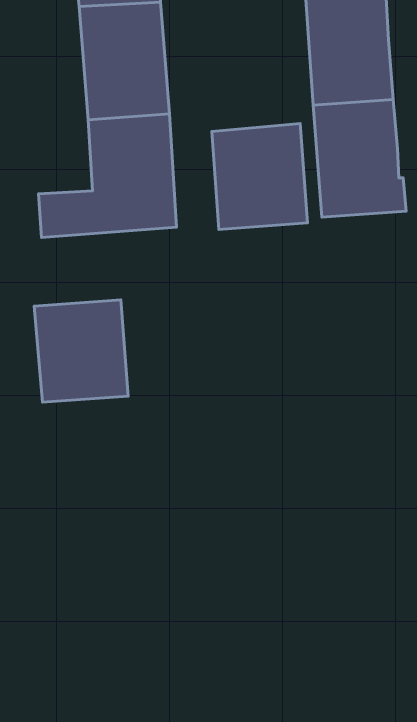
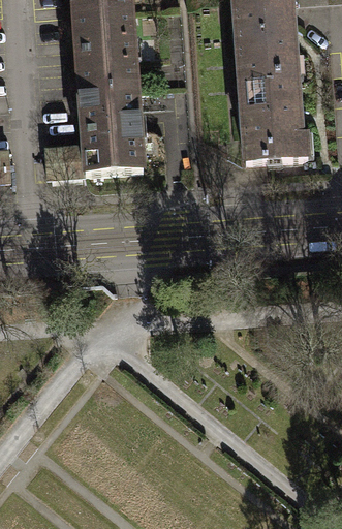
building: [212,123,307,230] -> none
building: [34,300,128,402] -> none

